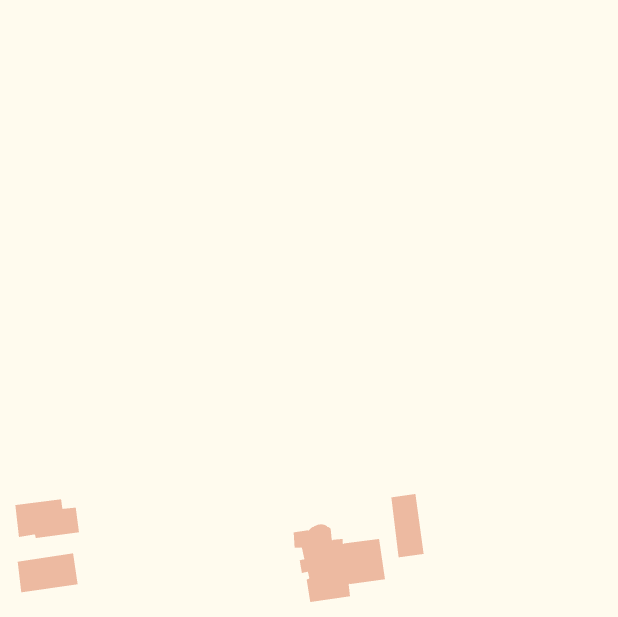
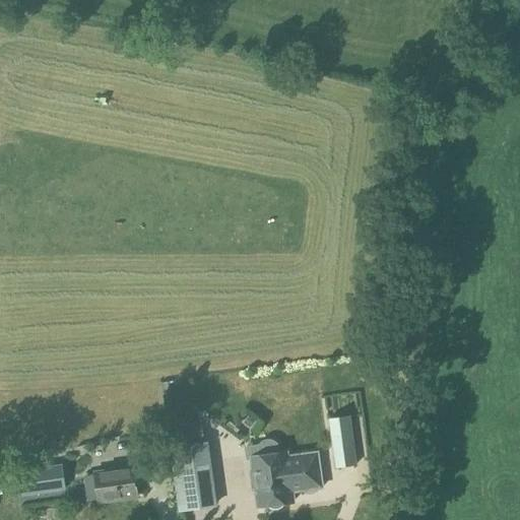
building: [15,499,80,539] -> [83,469,138,503]
building: none -> [172,443,215,512]

